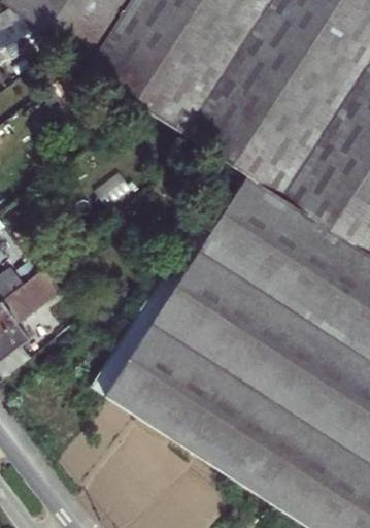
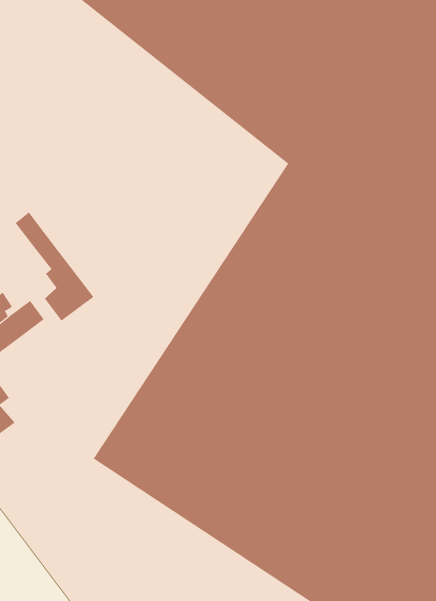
building: none -> [15,212,94,321]

